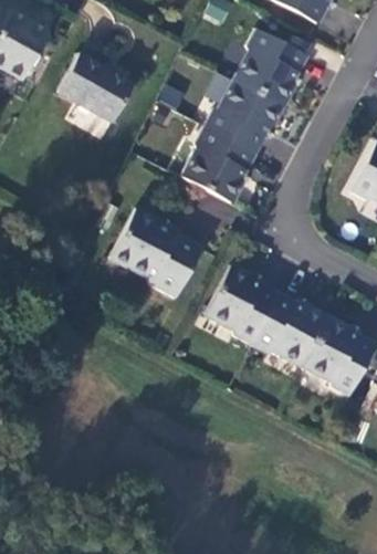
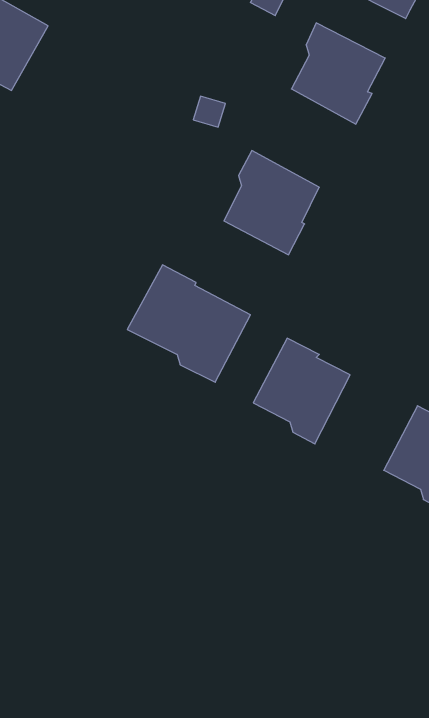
building: [57,52,135,123] -> none
building: [205,79,283,153] -> none
building: [252,294,329,366] -> none

